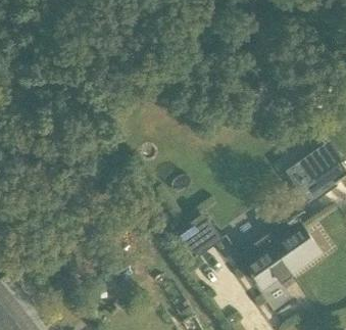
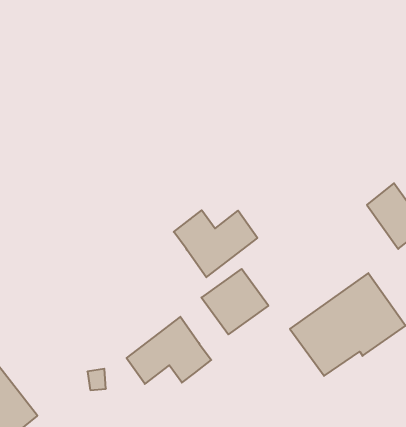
building: none -> [174,210,257,277]
building: none -> [127,317,211,384]

